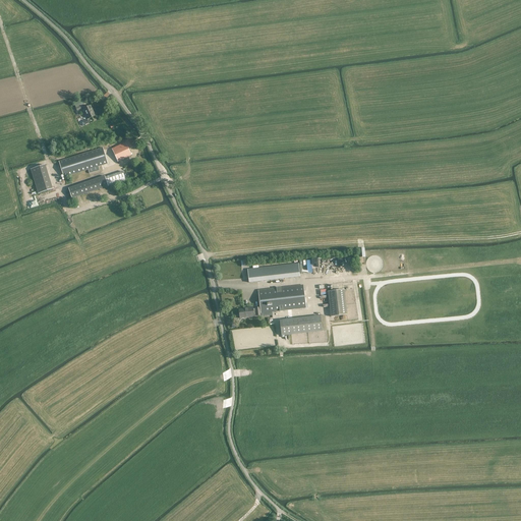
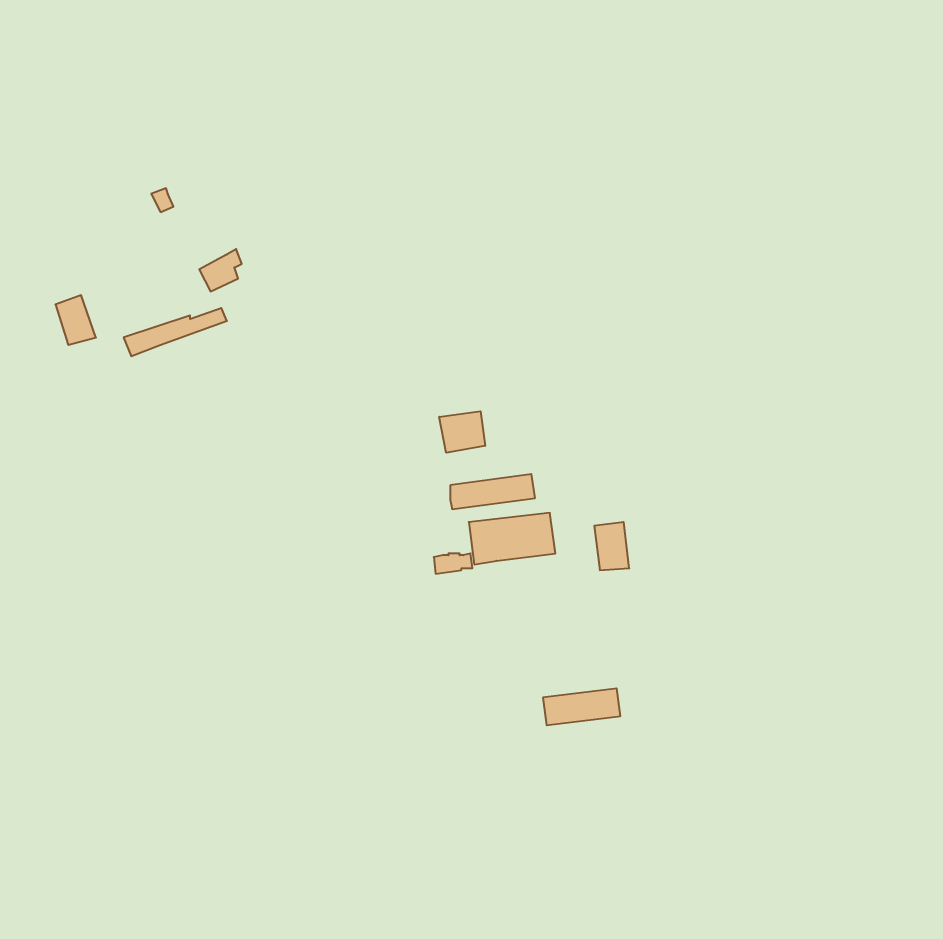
building: [57,147,106,176] -> none
building: none -> [439,411,485,453]
building: [280,313,323,334] -> [543,688,620,725]

